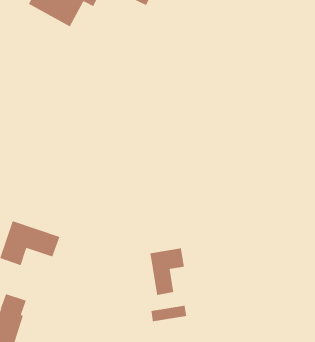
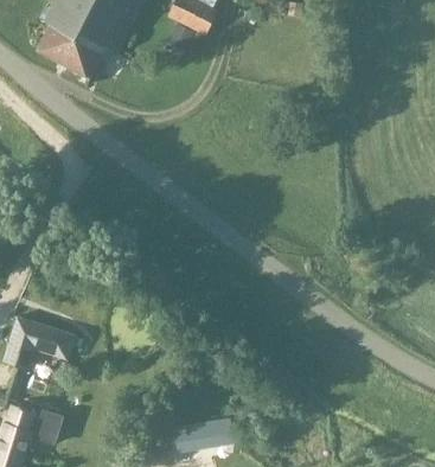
building: [150,248,185,296] -> none
building: none -> [33,411,63,447]

